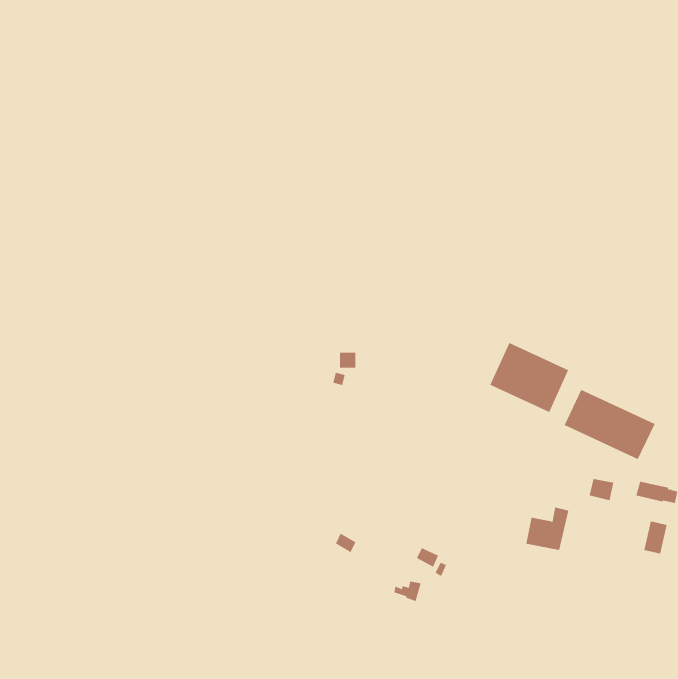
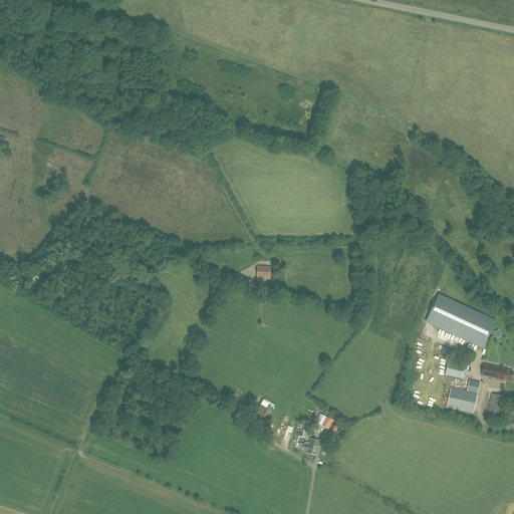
building: [490,342,569,413] -> none
building: [525,507,569,551] -> [446,379,479,413]

